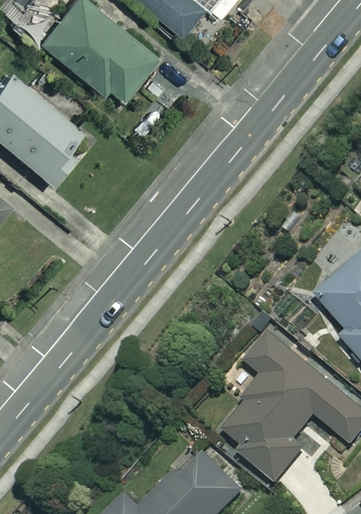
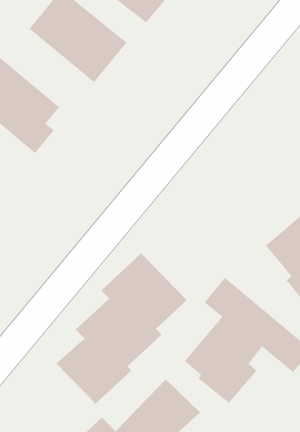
building: none -> [55,253,188,405]

